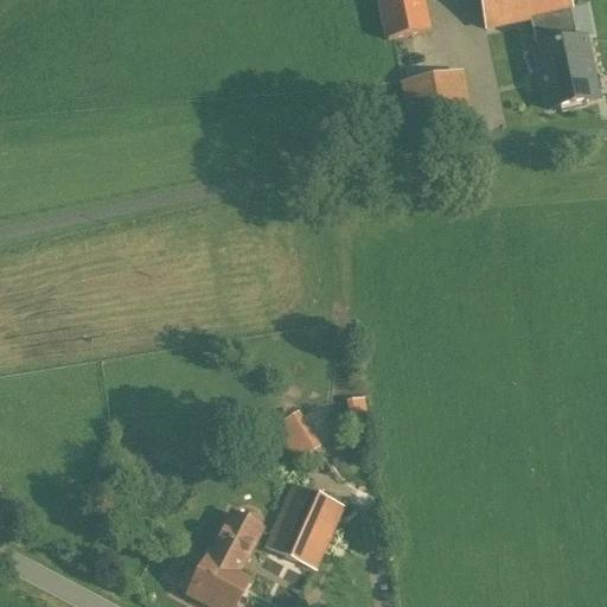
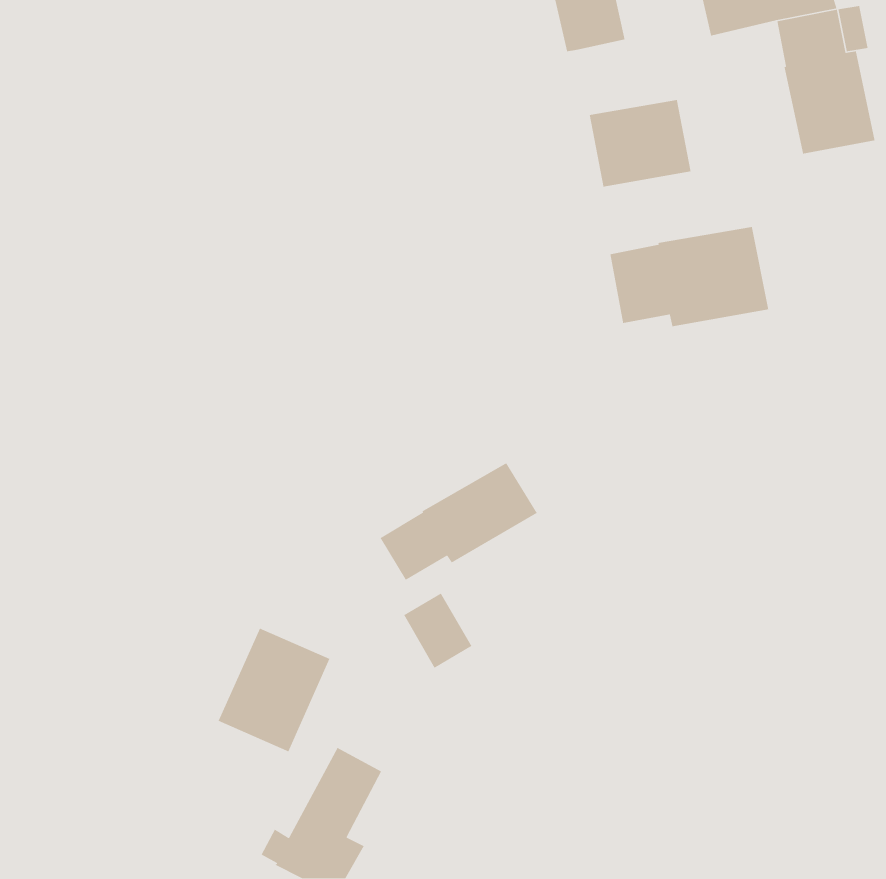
building: none -> [610,226,769,327]
building: none -> [380,462,538,581]
building: [267,481,344,567] -> [218,627,331,752]

